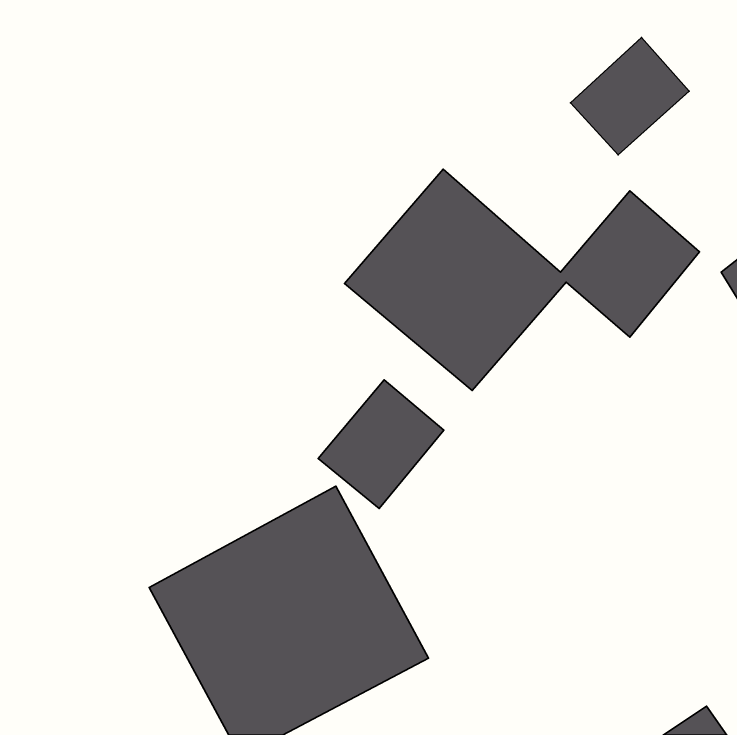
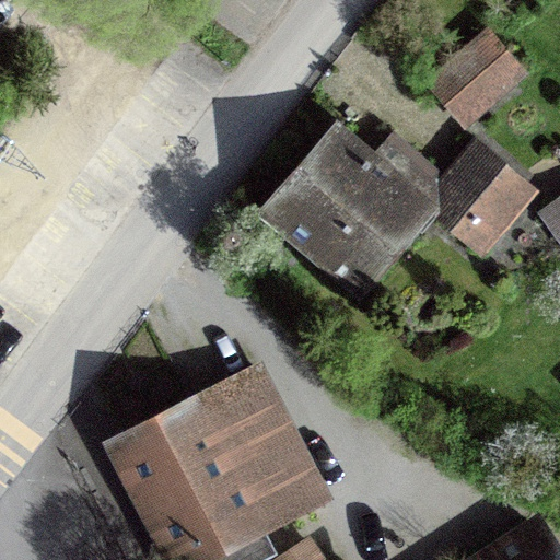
building: [318,380,444,509] -> none

